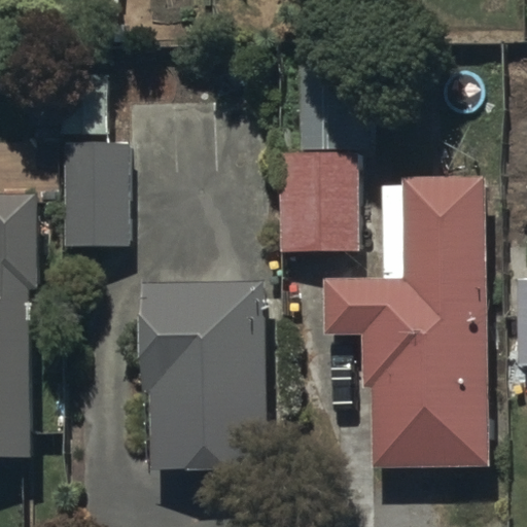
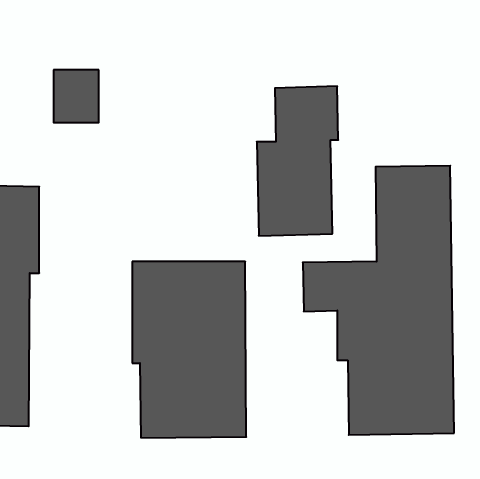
building: [61,139,127,247] -> none

